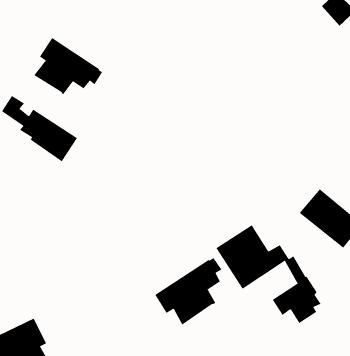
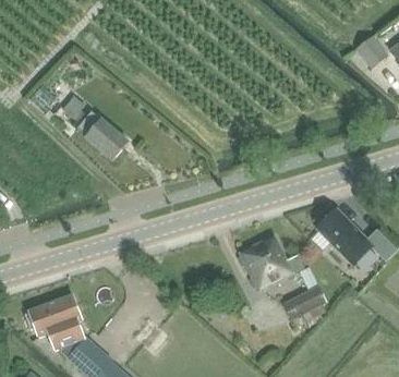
building: [34,37,103,95] -> none
building: [155,257,222,325] -> none

